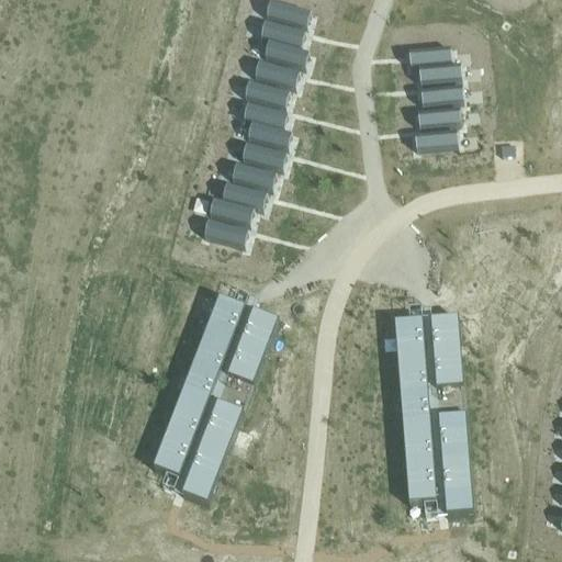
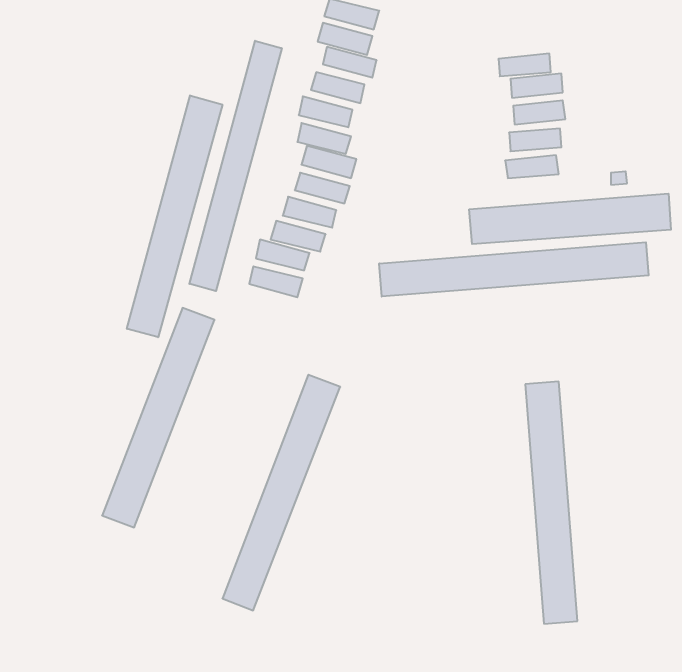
building: none -> [189,41,282,291]
building: none -> [127,95,222,337]
building: none -> [469,194,671,244]
building: none -> [379,242,649,297]
building: [153,294,245,474] -> [102,308,215,527]
building: [394,316,436,501] -> none

